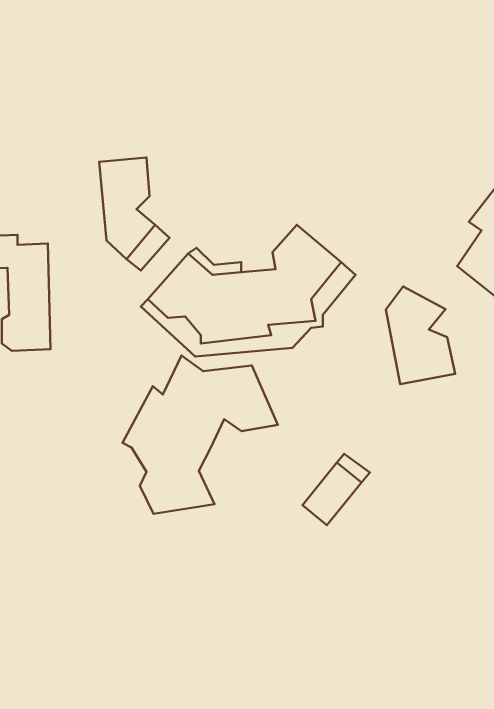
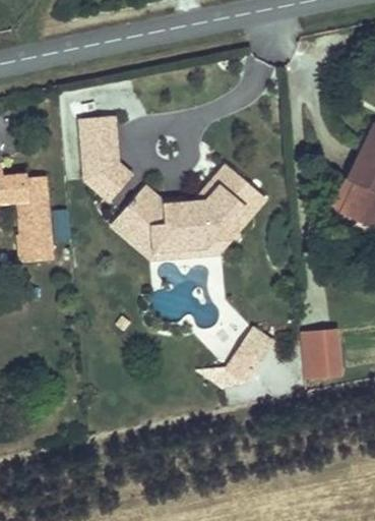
building: [386,286,455,384] -> none
building: [122,355,278,514] -> none
building: none -> [305,328,348,382]

